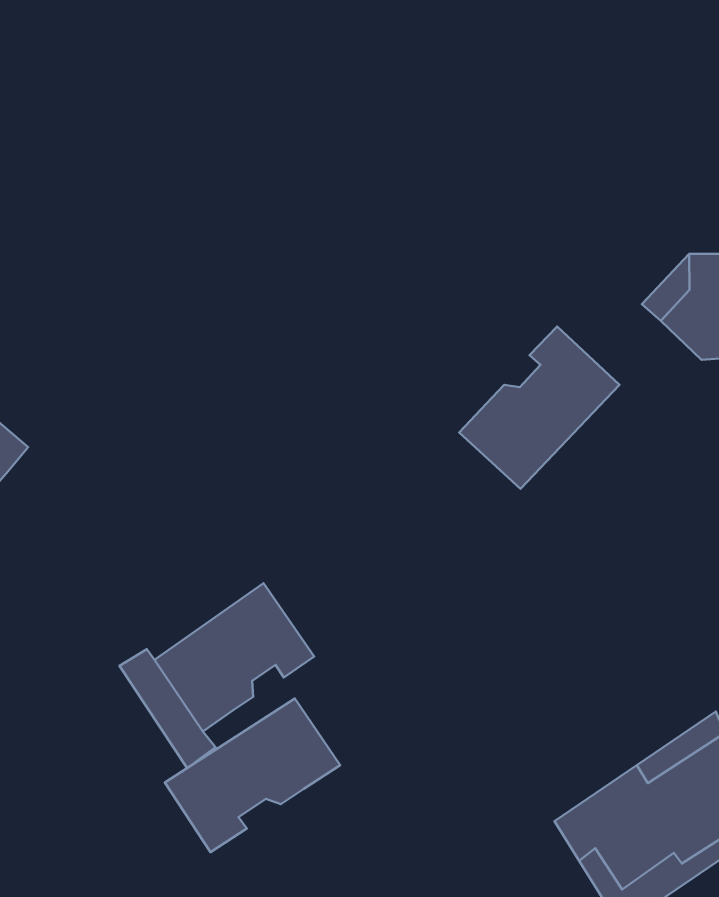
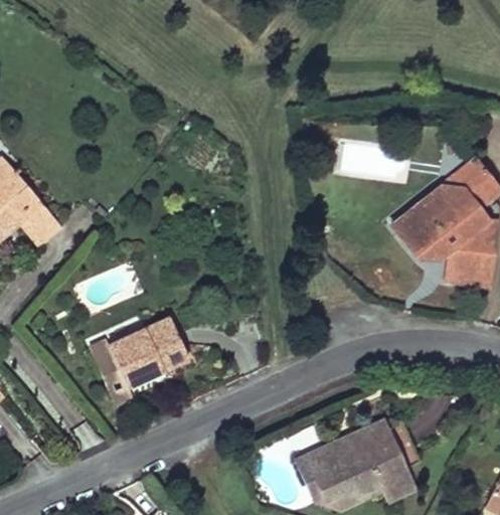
building: [459,326,620,489] -> none
building: [165,698,340,852] -> none

